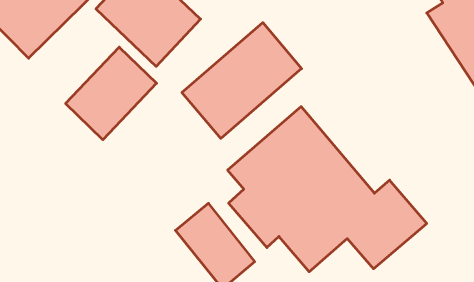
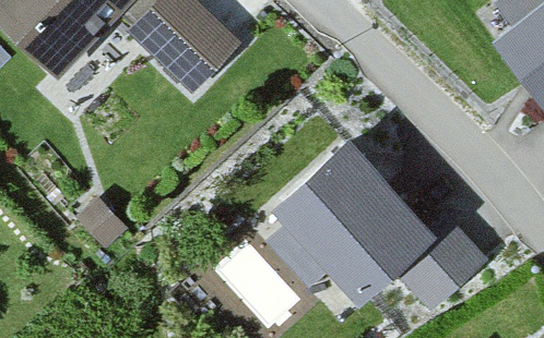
building: [182,23,302,138] -> none
building: [66,47,157,140] -> none

